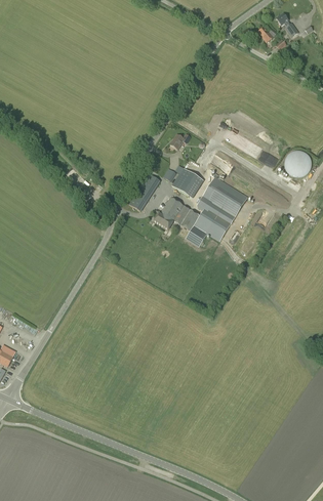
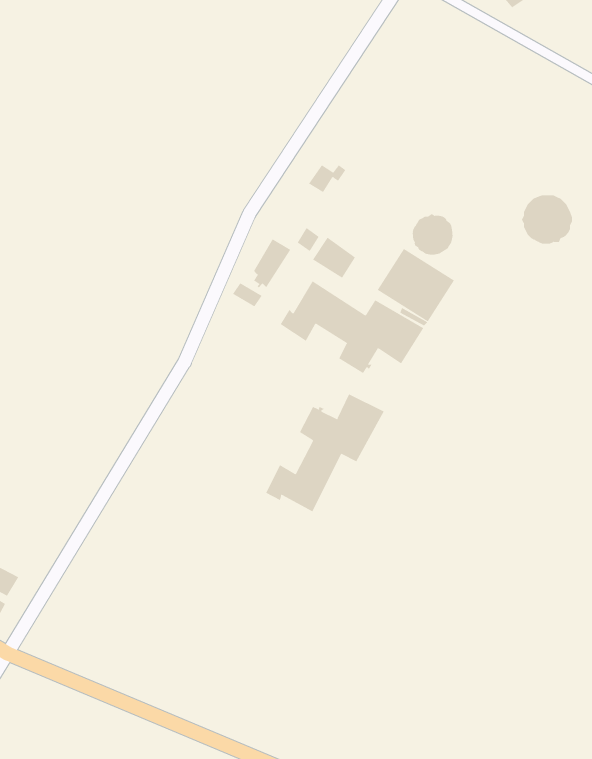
building: none -> [412,213,453,256]
building: none -> [265,393,385,512]

